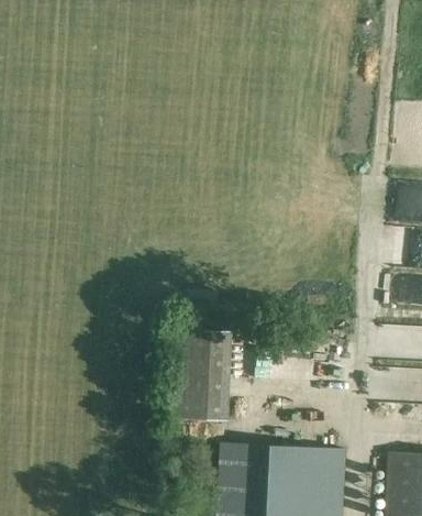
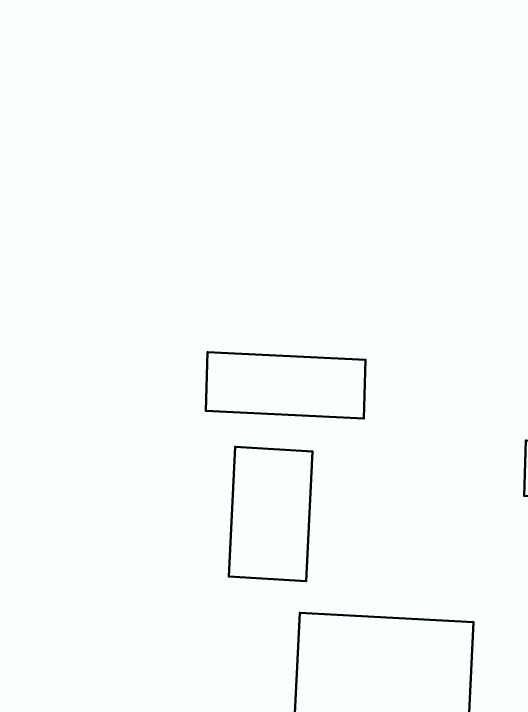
building: none -> [206,352,365,419]

